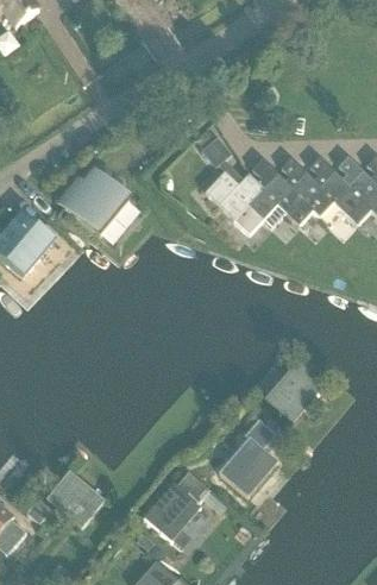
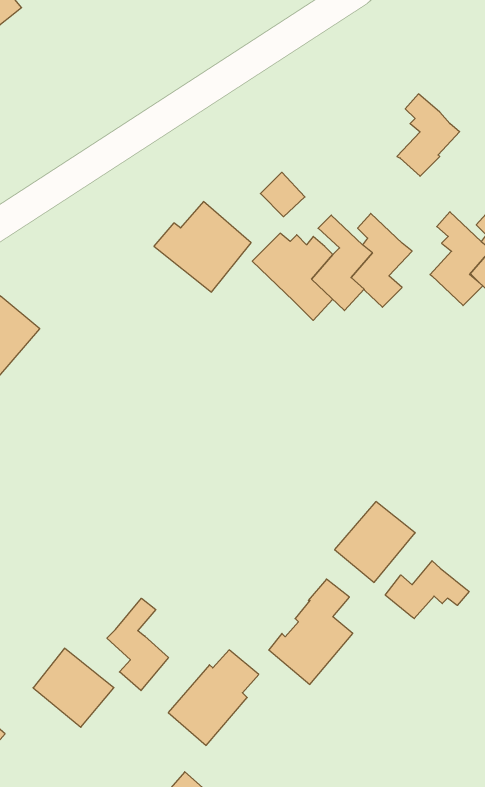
building: [303,155,348,214] -> [397,94,460,176]
building: [58,168,128,233] -> [154,202,251,292]
building: none -> [385,561,469,619]
building: none -> [107,598,168,691]

